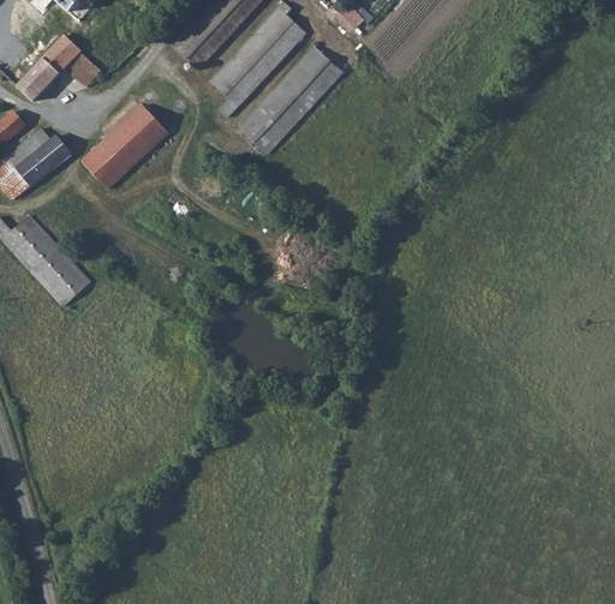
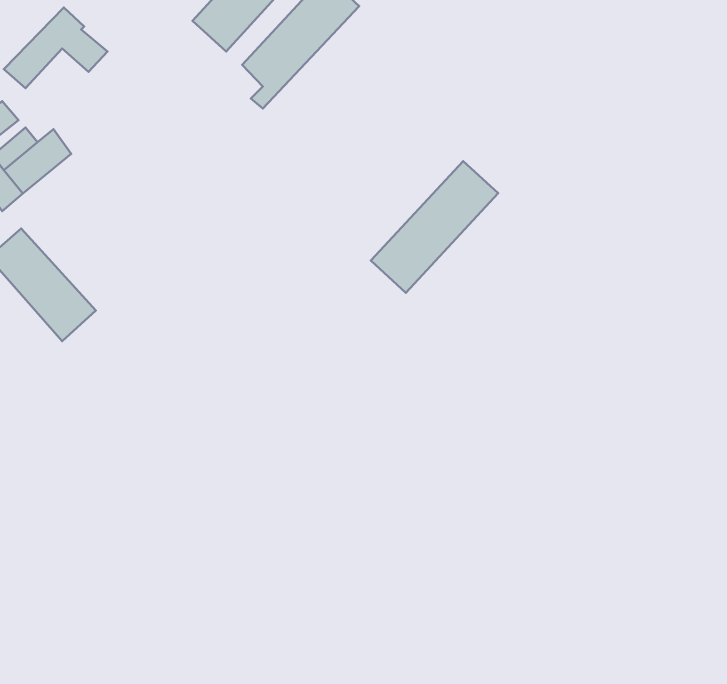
building: [239,46,344,154] -> [371,161,498,293]
building: [82,104,169,190] -> none

